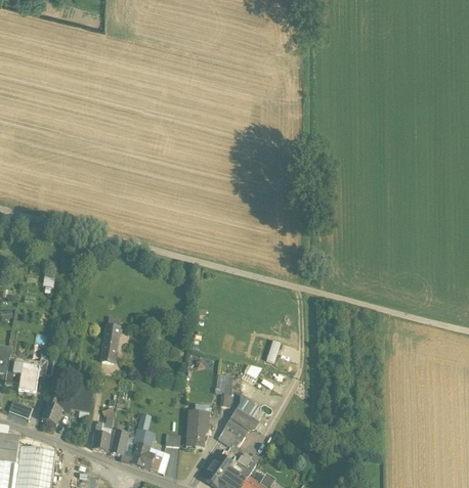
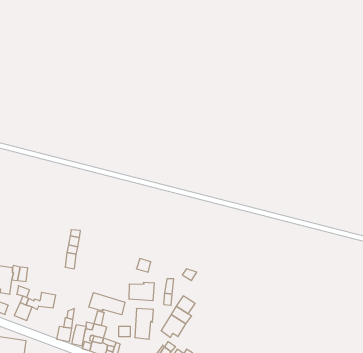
building: none -> [129,282,154,301]
building: none -> [89,293,125,315]

